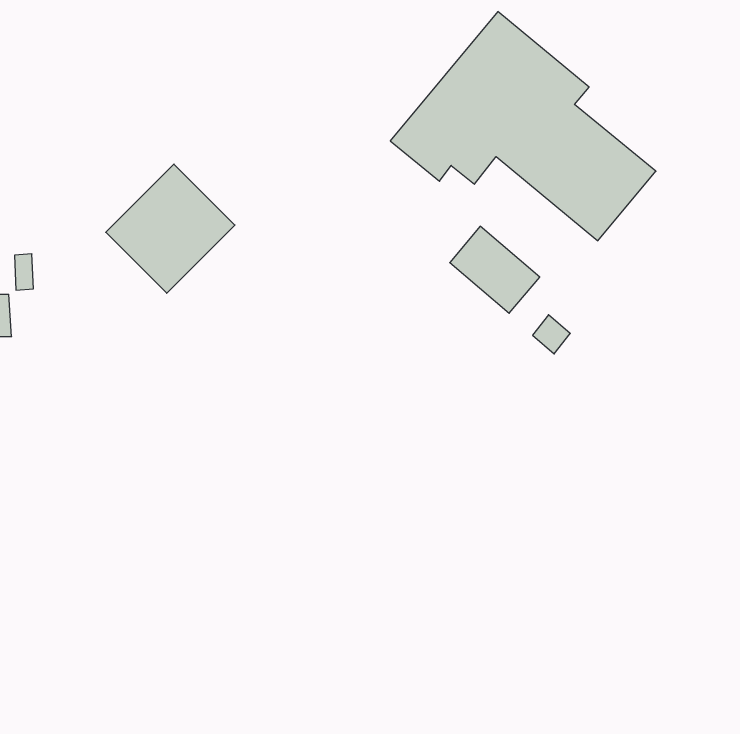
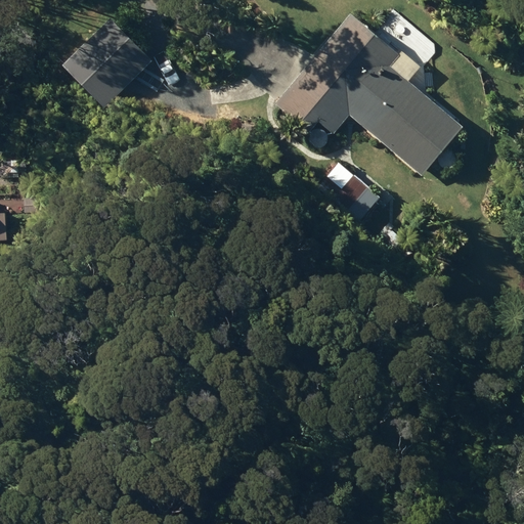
building: [106,164,235,293] -> [62,18,154,110]

